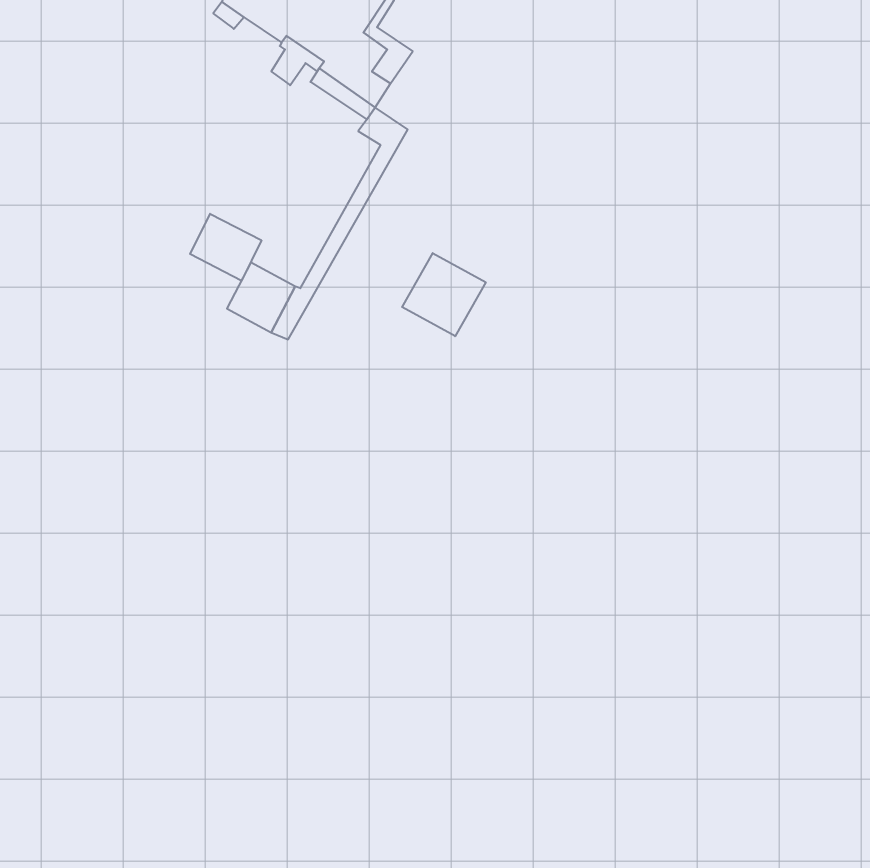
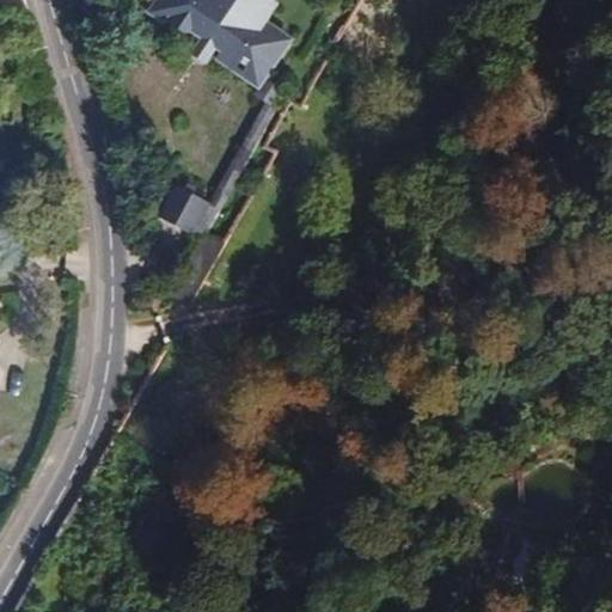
building: [190,214,261,281] -> none
building: [402,253,486,336] -> none

